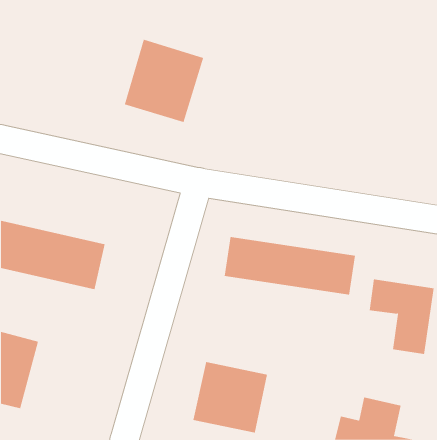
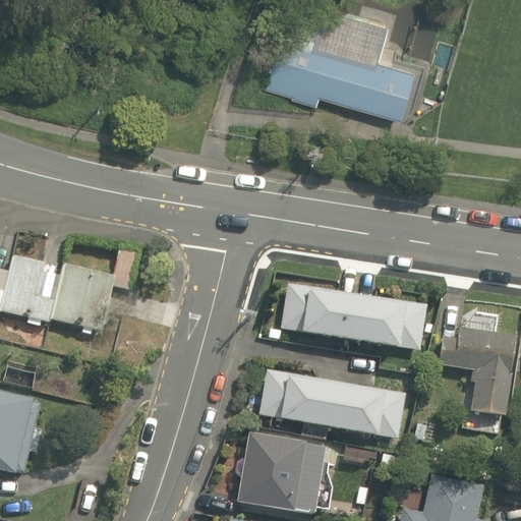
building: none -> [272,21,413,122]
building: [124,39,204,123] -> none
building: none -> [256,367,405,440]

